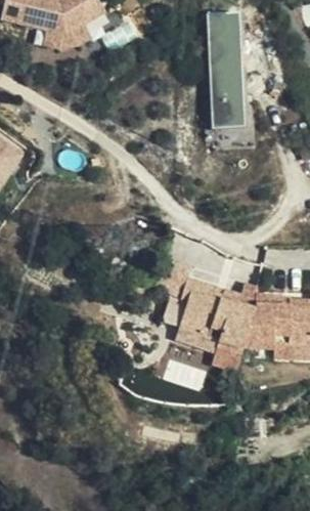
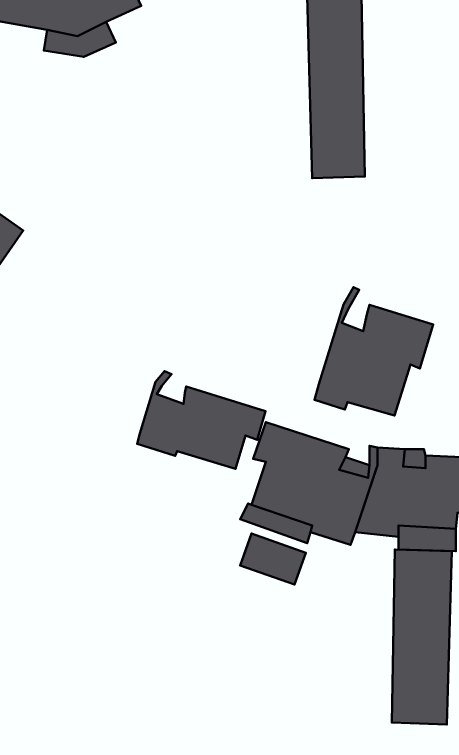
building: none -> [314,287,433,416]
building: none -> [137,371,265,469]
building: none -> [392,549,452,724]

